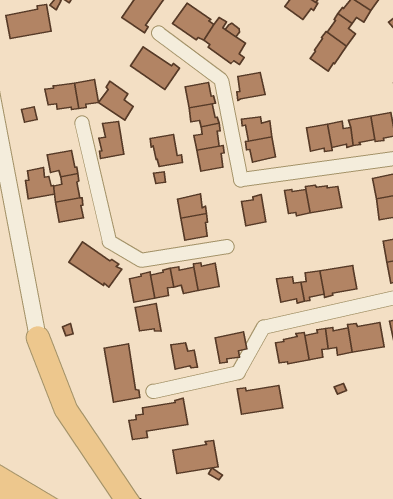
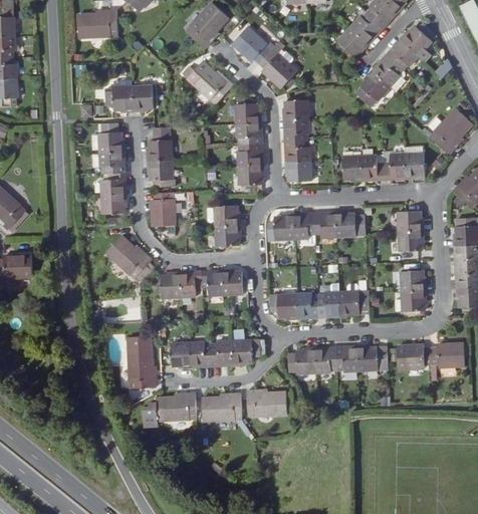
building: [99,81,133,120] -> none
building: none -> [283,120,308,141]
building: [150,134,183,167] -> [148,159,175,187]
building: [26,168,54,199] -> [98,122,124,150]
building: none -> [151,192,174,225]
building: none -> [292,212,315,239]
building: none -> [277,293,297,319]
building: [135,304,161,331] -> [170,341,191,367]
building: none -> [211,340,233,365]
building: [173,440,218,473] -> [201,394,241,420]

